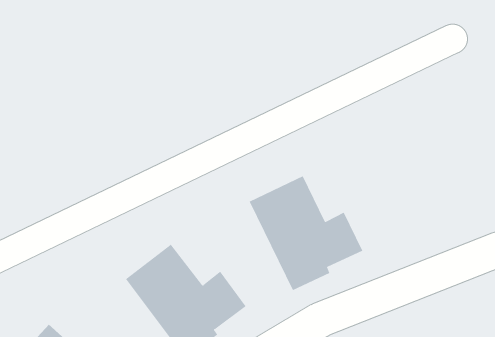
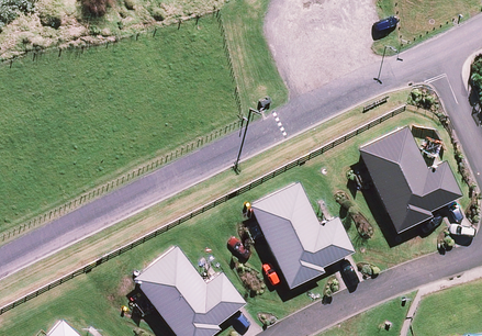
building: none -> [358,126,463,234]

